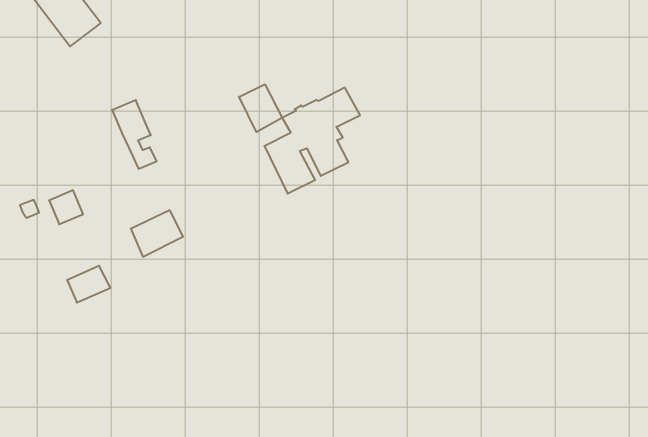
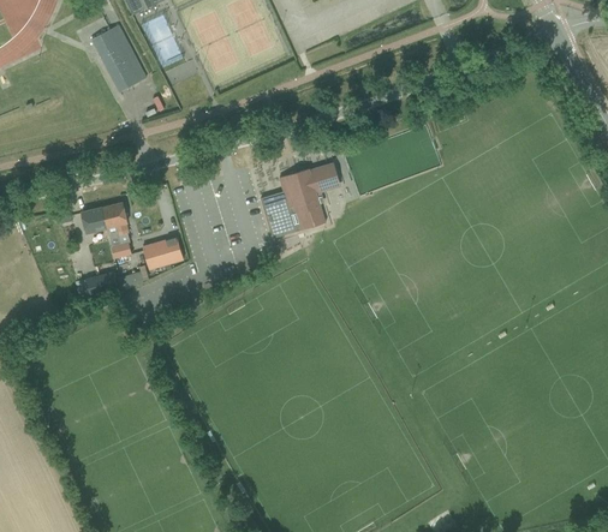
building: [239,84,282,132] -> none
building: [112,100,157,169] -> [102,202,131,257]

